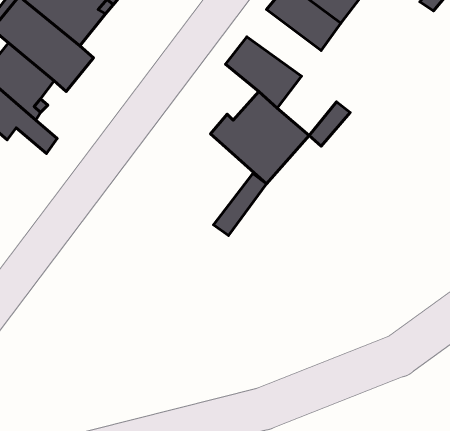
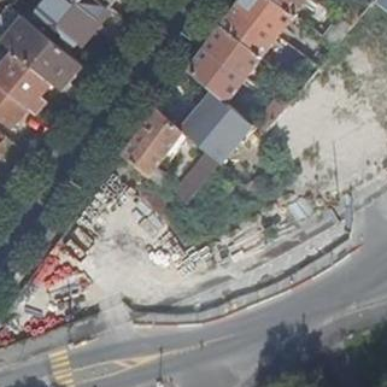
building: none -> [203,23,262,76]
building: none -> [122,106,183,180]

